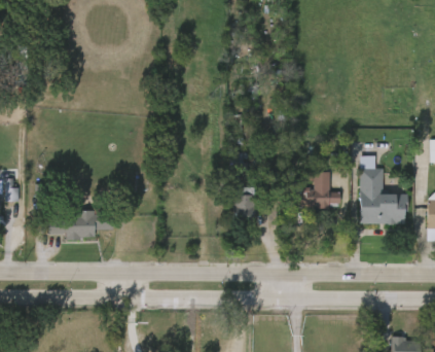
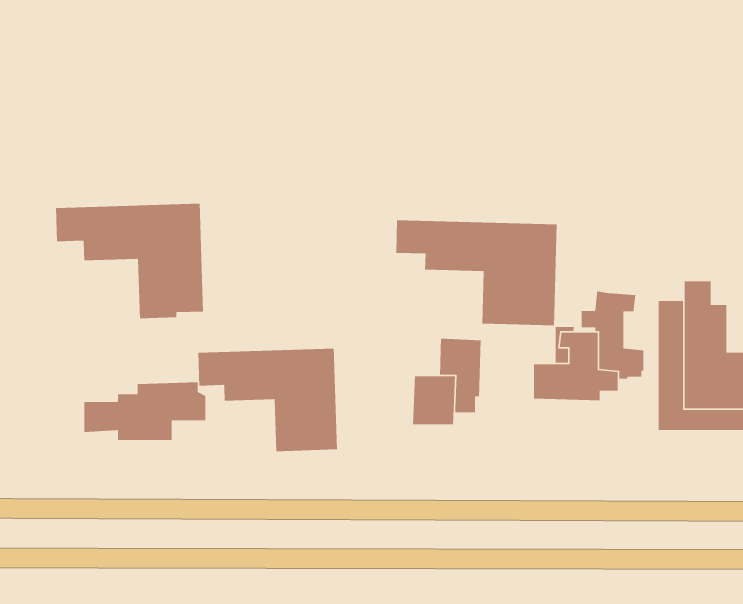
building: none -> [55,203,204,319]
building: none -> [395,219,558,326]
building: none -> [197,348,338,452]

